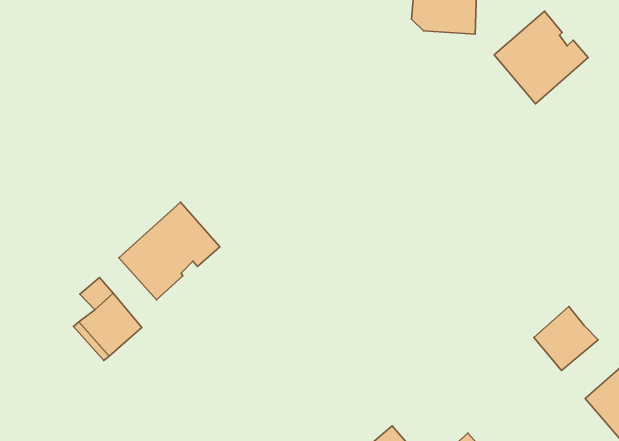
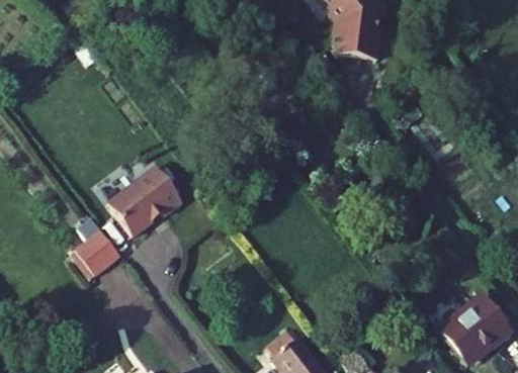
building: [494,11,588,104] -> none
building: [534,307,598,371] -> none

